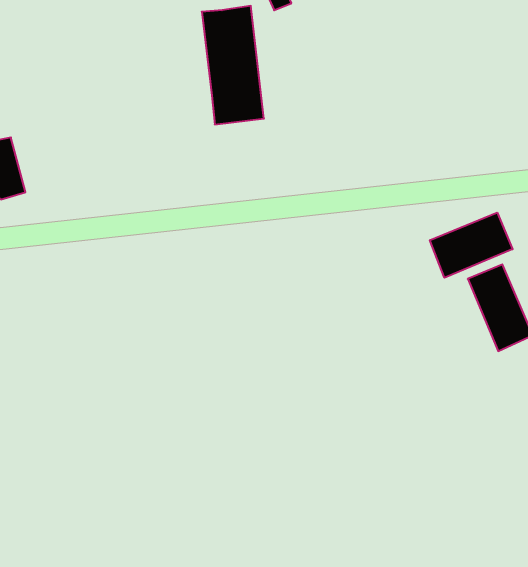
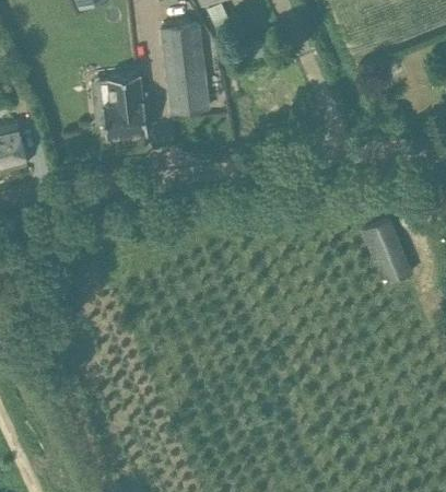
building: none -> [94,73,146,140]
building: [430,213,513,278] -> none

